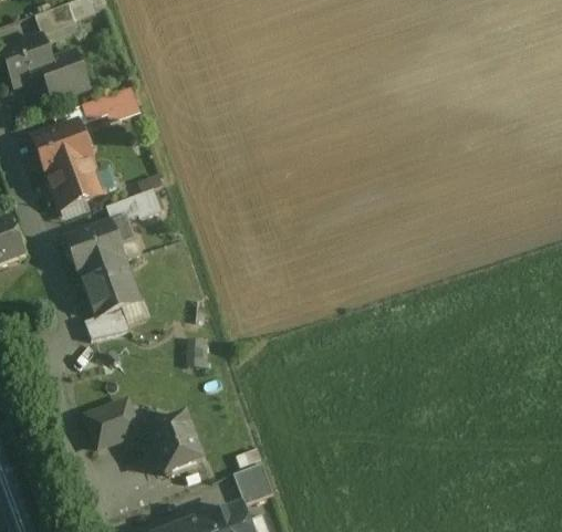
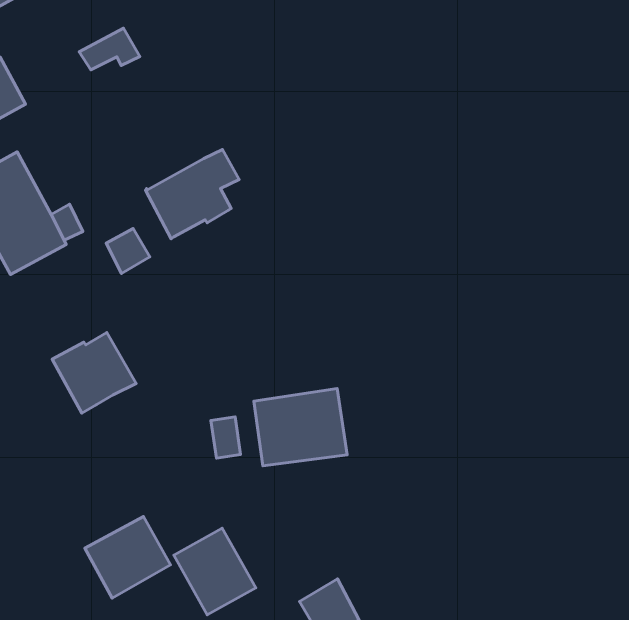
building: [81,93,124,119] -> [79,28,140,70]
building: [65,217,134,275] -> [145,150,239,239]
building: [85,306,129,340] -> none
building: none -> [254,389,347,466]

